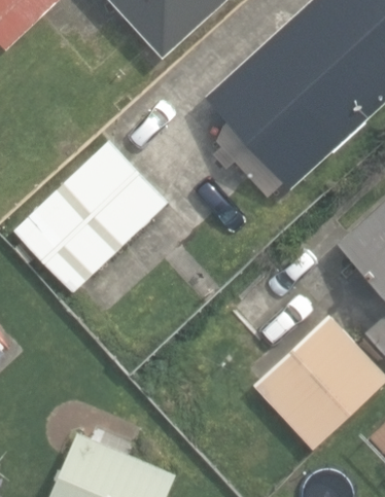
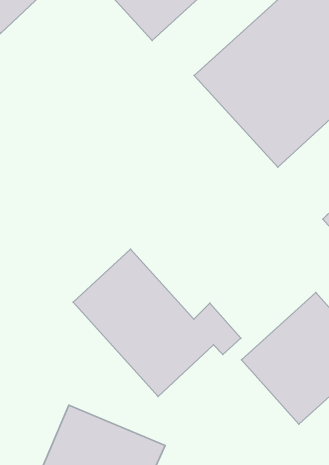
building: [11,140,168,295] -> none
building: none -> [73,249,241,396]

